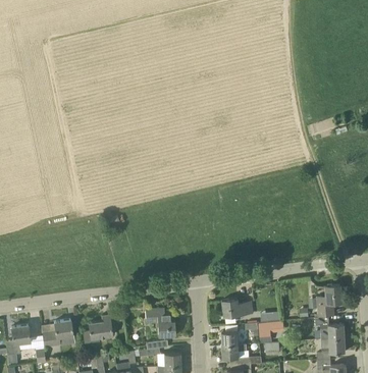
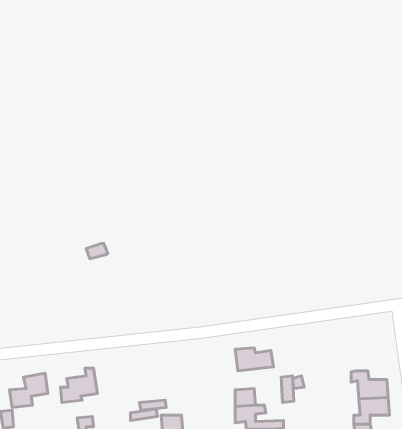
building: [317,285,343,317] -> none
building: [145,309,175,336] -> none

